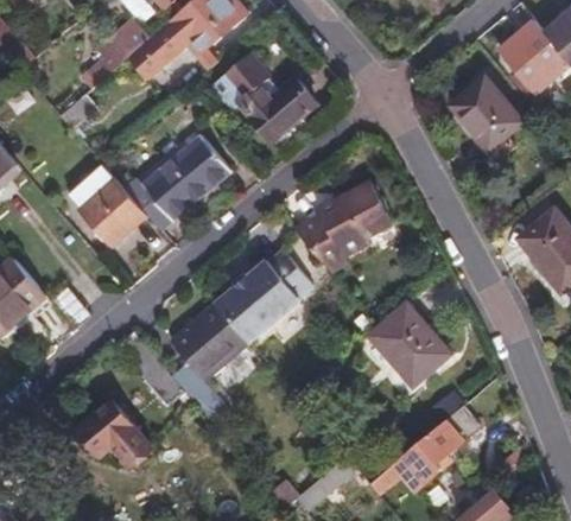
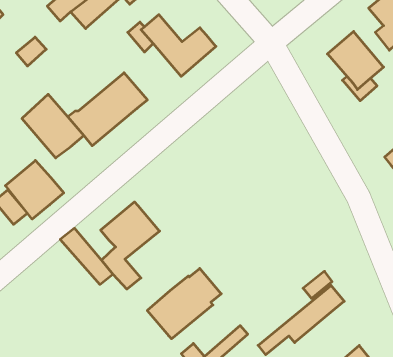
building: [297,185,393,275] -> none
building: none -> [5,160,64,219]
building: [215,250,309,339] -> [147,268,221,339]
building: [369,301,450,381] -> none
building: [81,396,154,462] -> none

